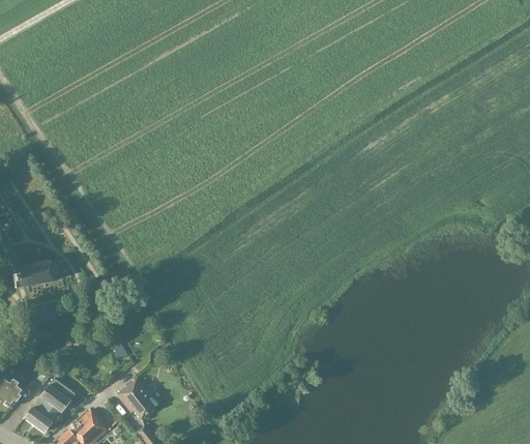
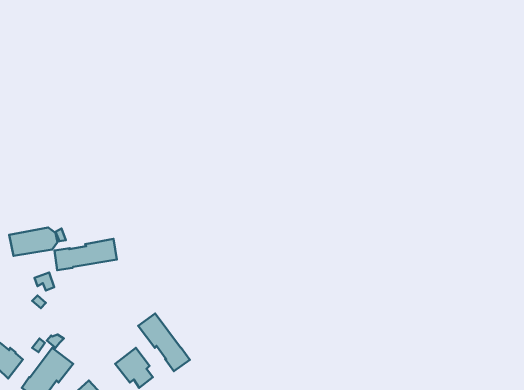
building: none -> [54,239,117,270]
building: none -> [138,314,190,371]

